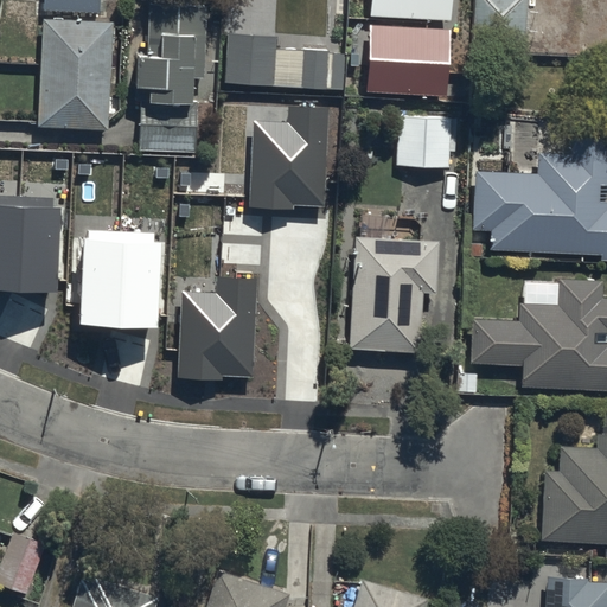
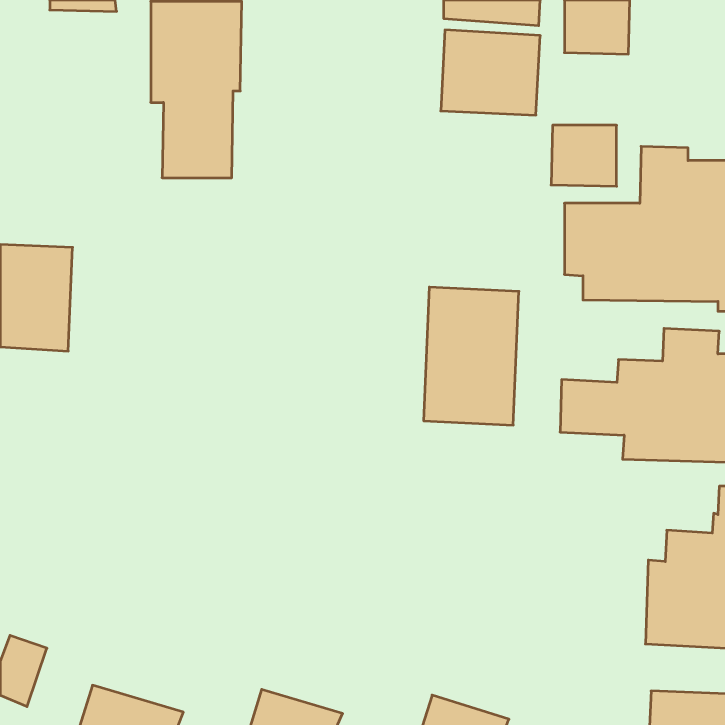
building: [39,24,119,130] -> none
building: [223,31,343,85] -> none
building: [251,107,330,210] -> none
building: [394,115,448,166] -> [551,125,617,186]
building: [81,238,162,330] -> none
building: [179,279,258,381] -> none

